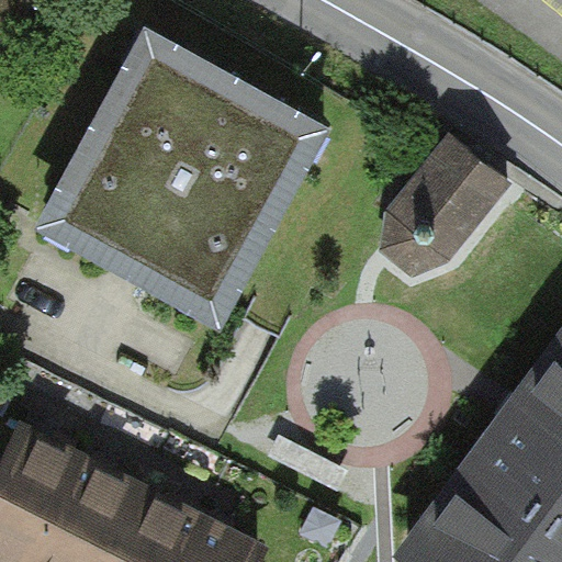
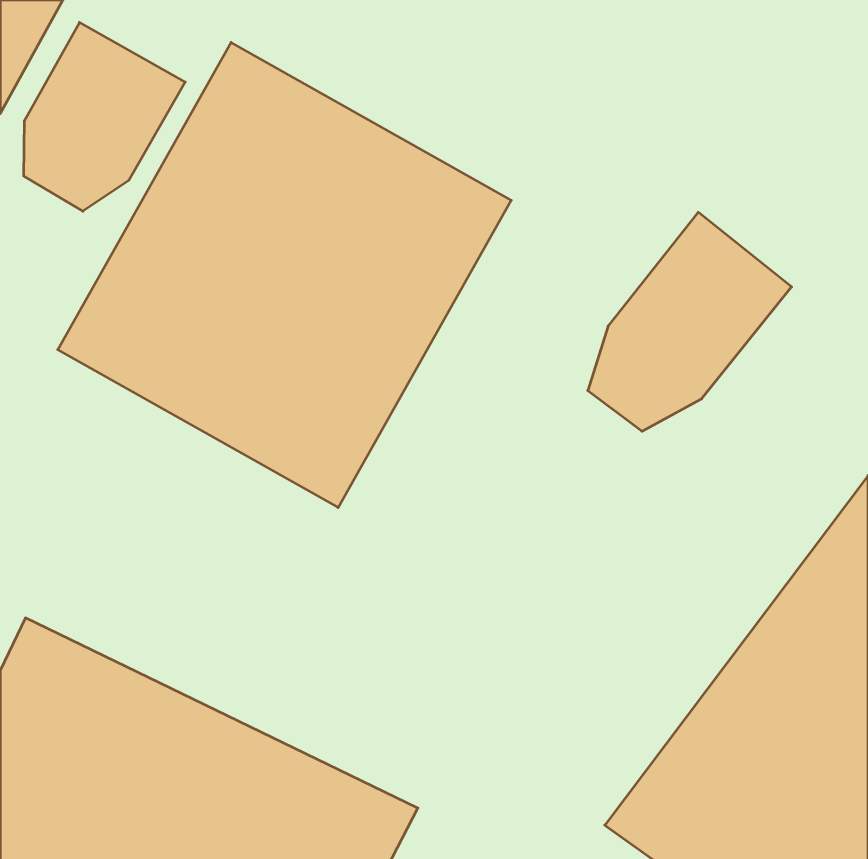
building: none -> [24,22,185,211]

